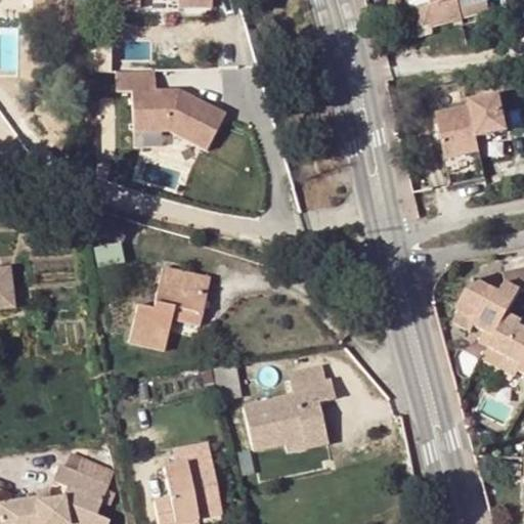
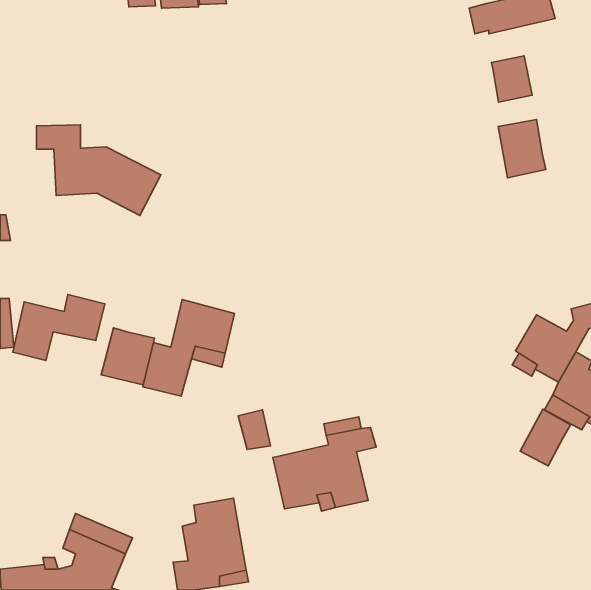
building: [118,69,227,148] -> [36,125,161,215]
building: [474,94,510,135] -> [492,56,532,102]
building: none -> [13,294,105,361]
building: none -> [101,328,154,385]
building: none -> [520,409,570,466]

